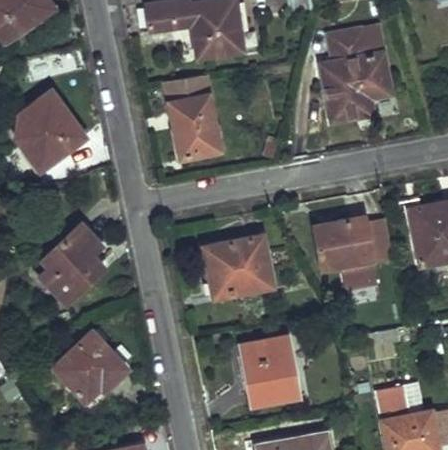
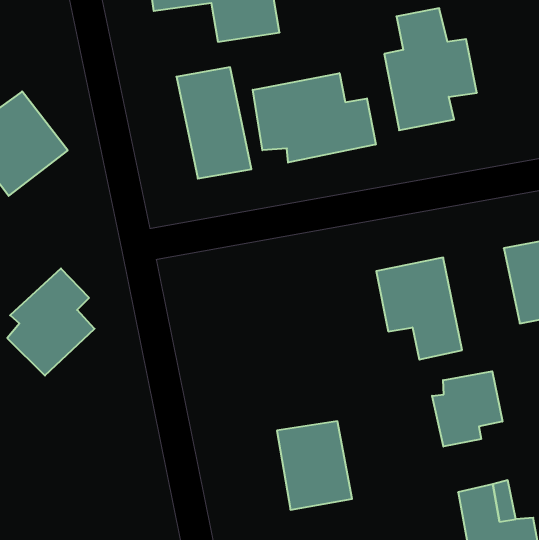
building: none -> [253,73,376,163]
building: [204,236,273,297] -> none
building: none -> [432,371,502,447]
building: [54,332,127,401] -> none

